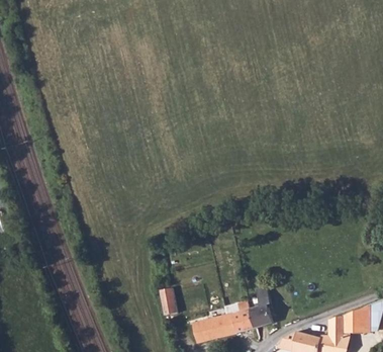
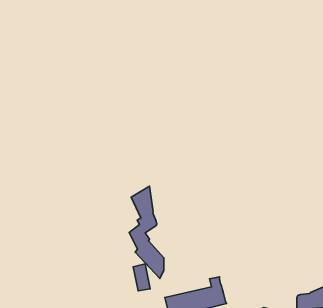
building: none -> [129,186,164,279]
building: [252,284,274,328] -> none

